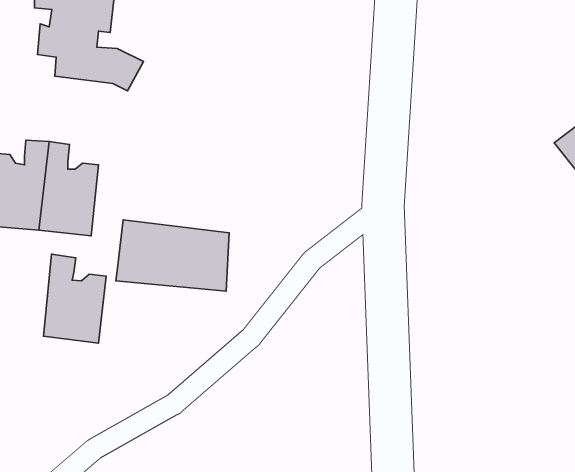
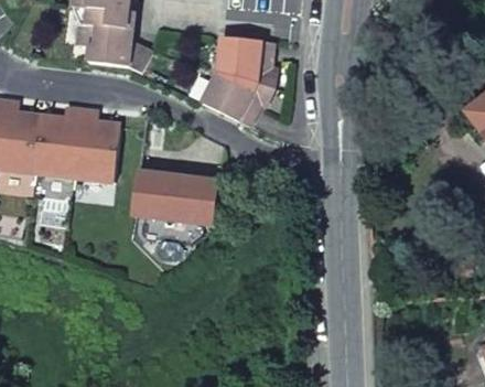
building: none -> [202,35,277,125]
building: [43,254,106,343] -> none

